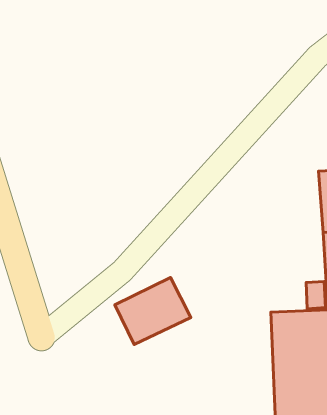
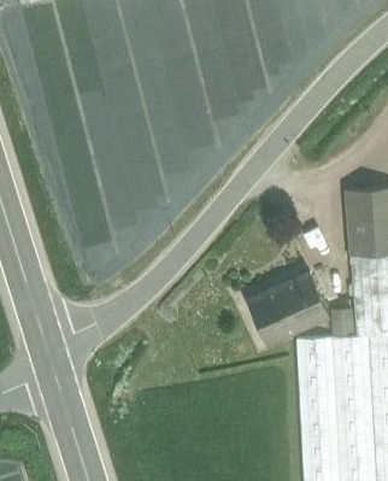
building: [115,278,191,345] -> [249,271,330,342]

